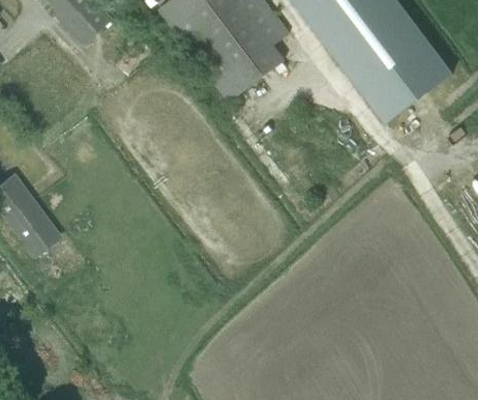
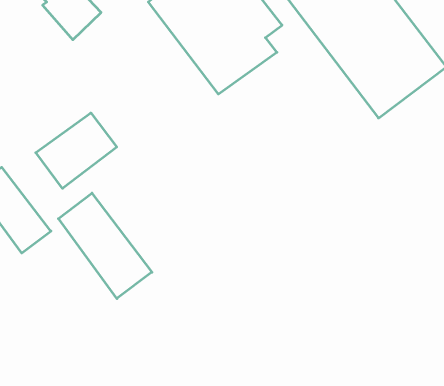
building: none -> [36,113,117,188]
building: none -> [58,193,152,299]

